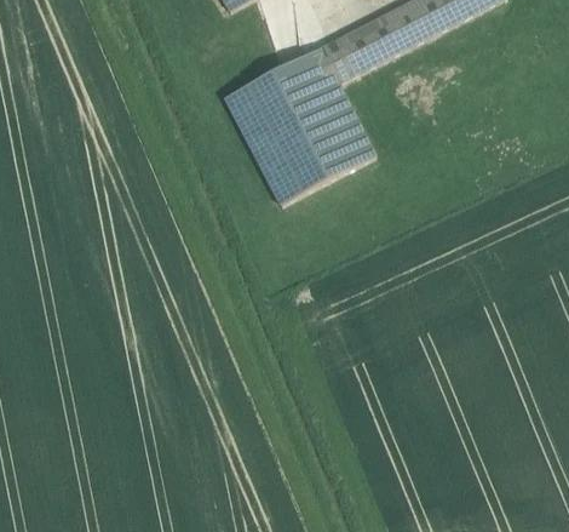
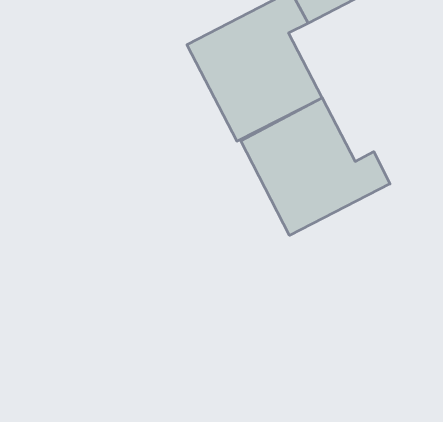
building: none -> [241,98,390,235]

